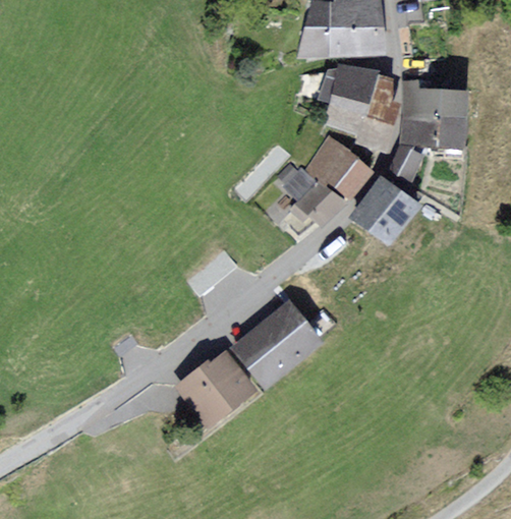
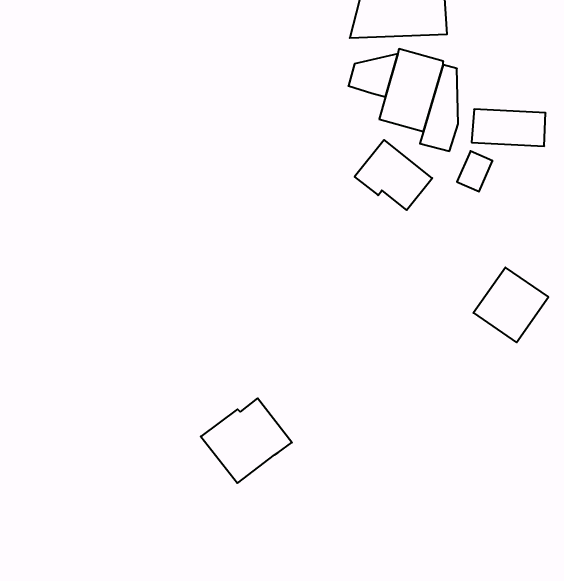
building: [404,80,465,116] -> none
building: [279,166,341,223] -> none
building: [354,179,416,241] -> [473,267,548,342]
building: [236,301,322,382] -> none

